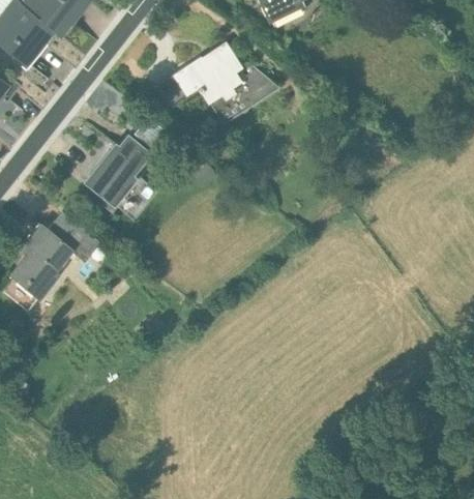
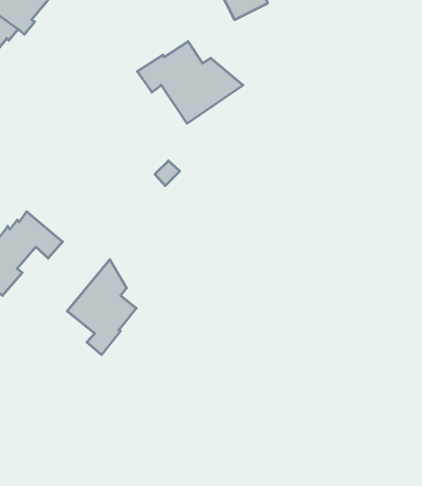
building: [86,136,150,207] -> none
building: none -> [67,260,136,355]

